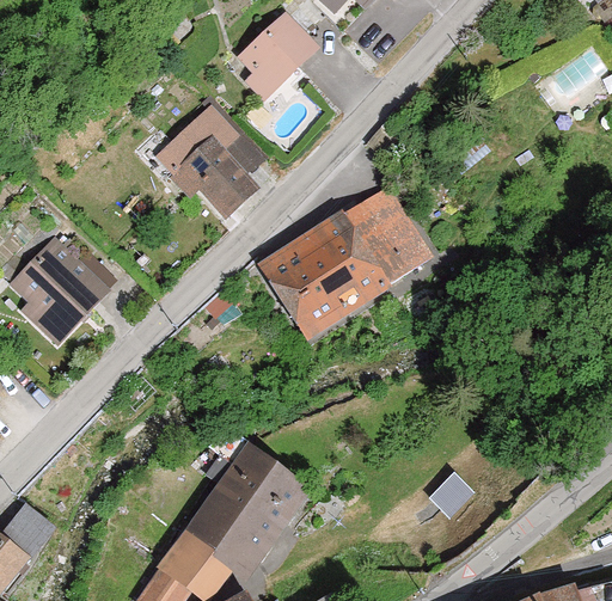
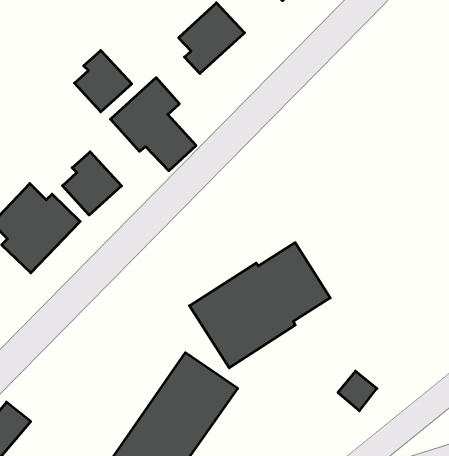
building: none -> [74,50,132,112]
building: [258,186,432,341] -> [189,243,330,368]
building: none -> [62,152,122,215]

